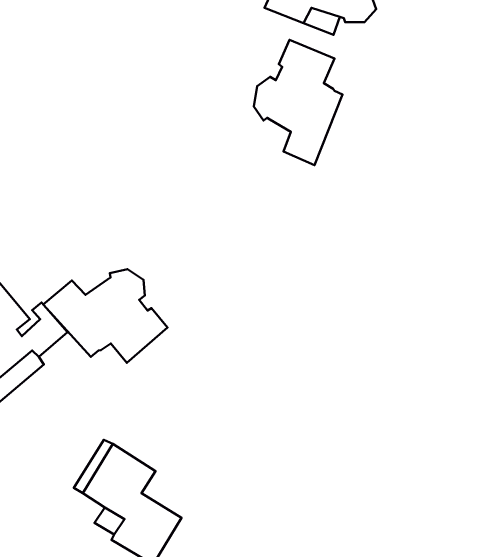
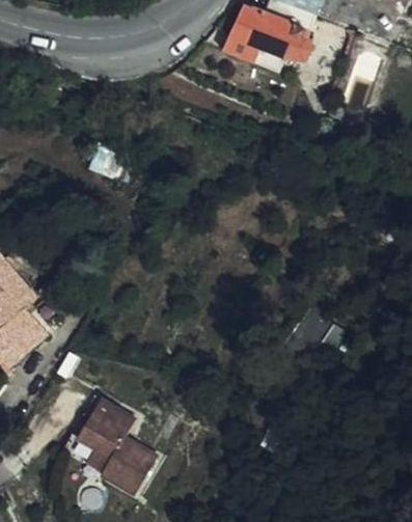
building: [254,40,342,165] -> none
building: [43,269,167,363] -> none

